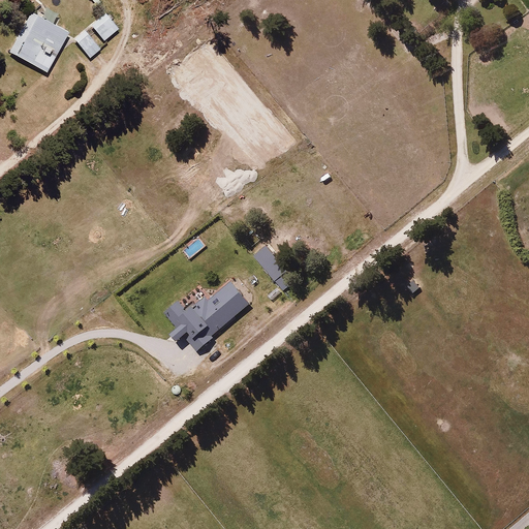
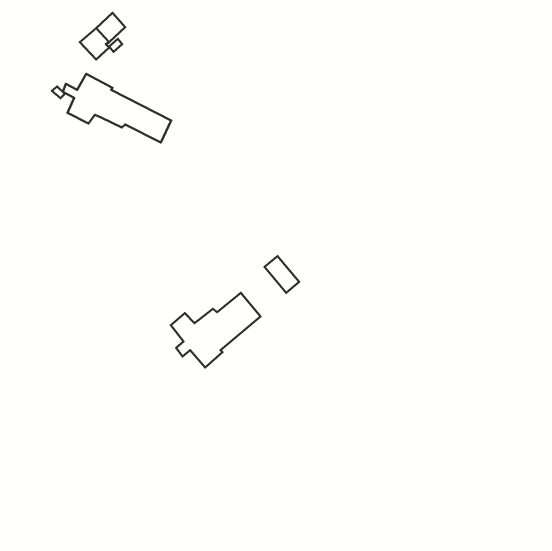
building: [10,11,69,71] -> none
building: none -> [63,74,171,142]

